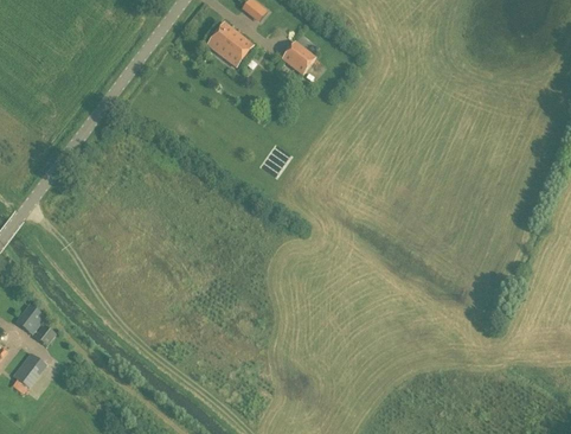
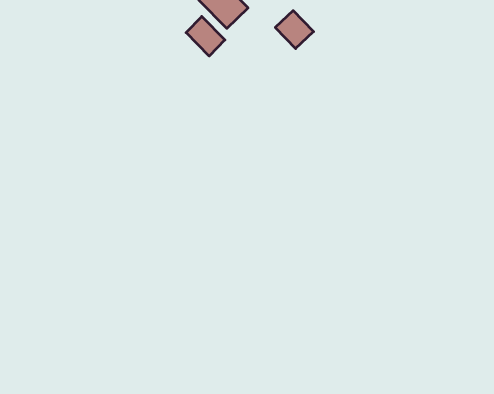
building: none -> [186,16,225,56]

